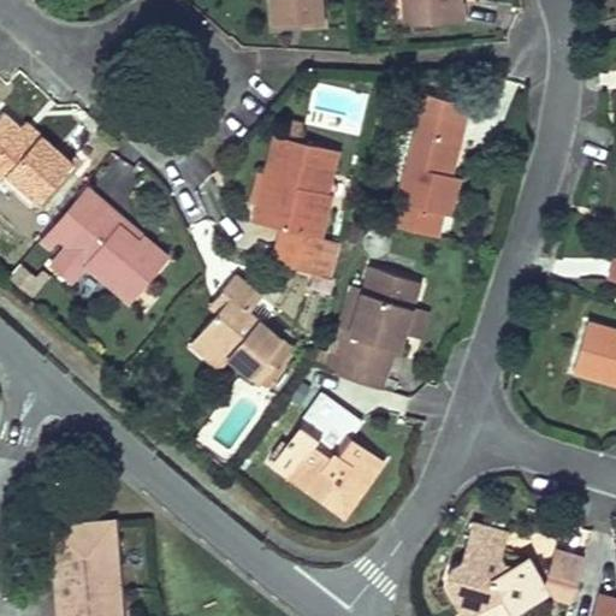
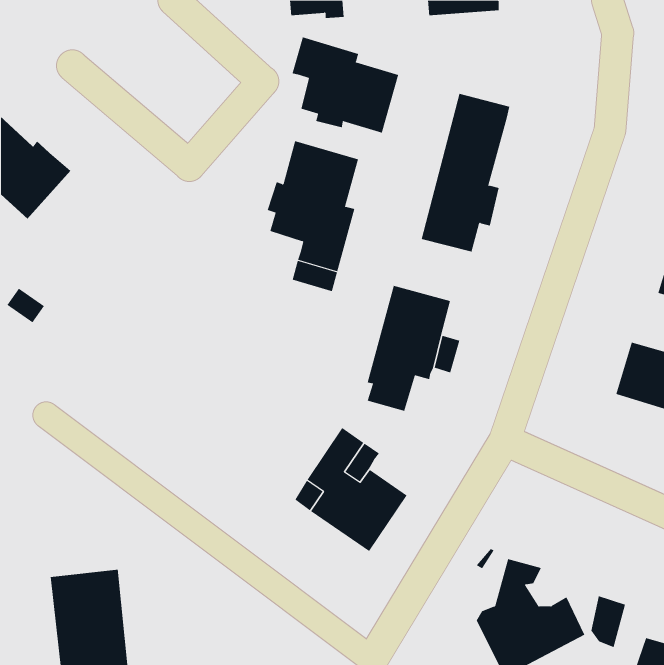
building: none -> [292,37,399,133]
building: [45,199,168,307] -> none
building: [195,280,295,389] -> none

